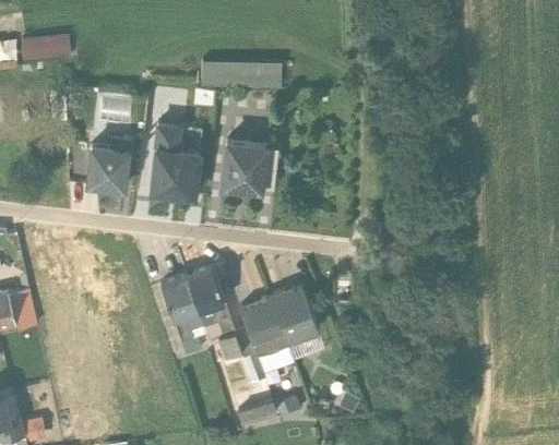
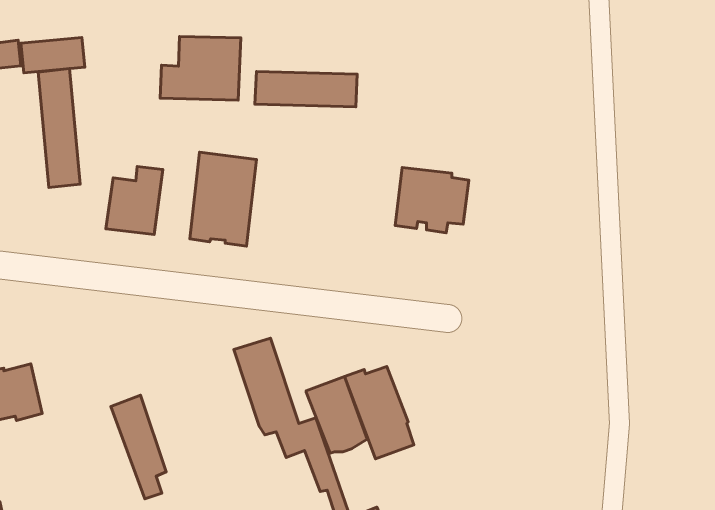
building: none -> [160,37,241,100]
building: none -> [38,69,80,188]
building: [221,140,277,190] -> [395,167,469,233]
building: [160,275,203,354] -> [111,395,166,499]

